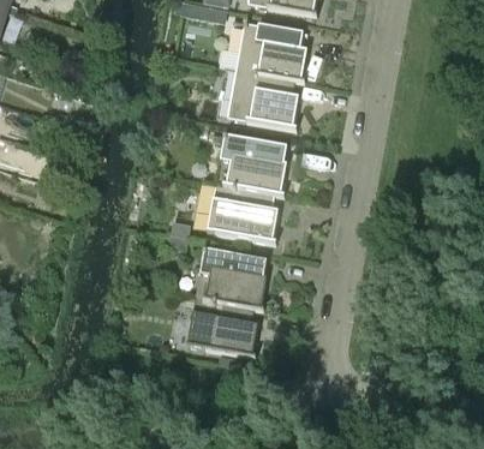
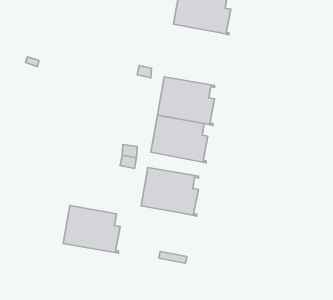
building: [227,68,299,128] -> none
building: [186,297,258,357] -> [63,205,120,253]

